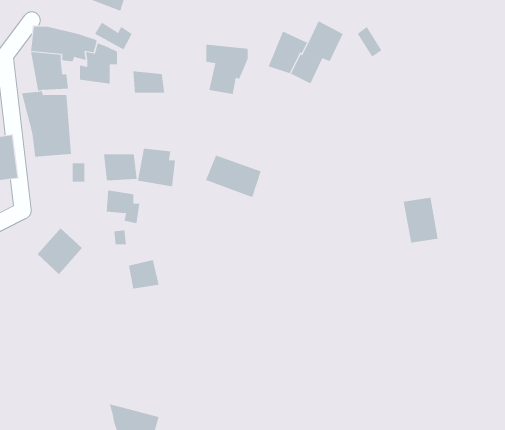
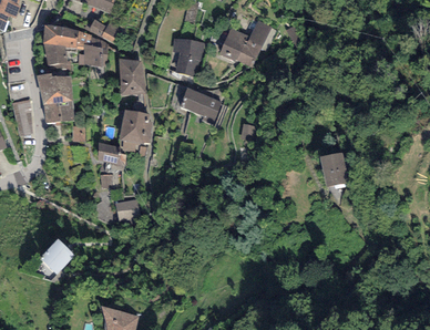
building: [103,154,137,181] -> [120,74,145,94]
building: [205,155,262,198] -> [180,87,222,120]
building: [37,227,83,275] -> [40,238,74,274]

